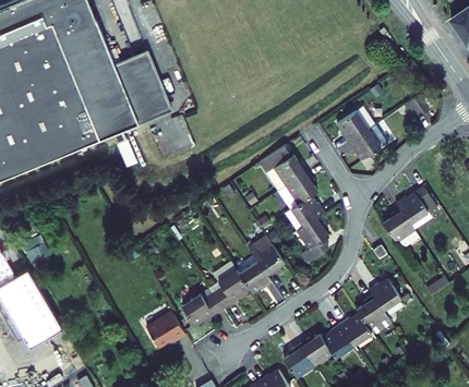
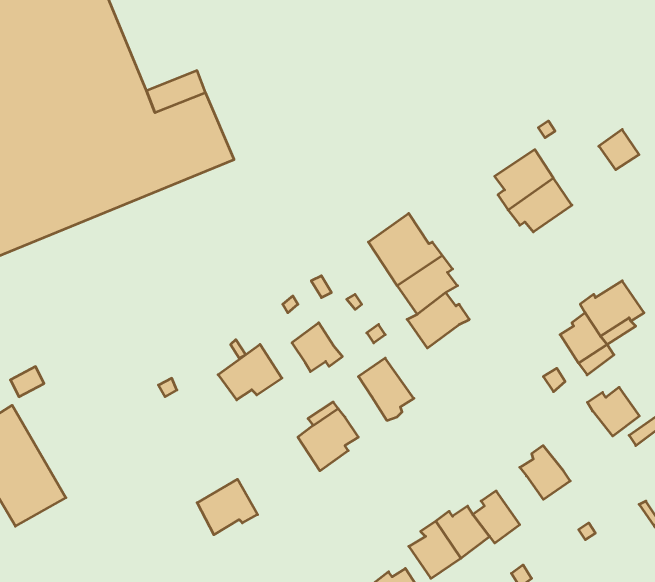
building: [297,216,327,263] -> none
building: [243,263,276,294] -> [292,323,342,372]
building: [369,279,402,311] -> [587,387,639,436]
building: [185,289,227,325] -> [218,344,282,400]
building: [341,314,375,346] -> none

